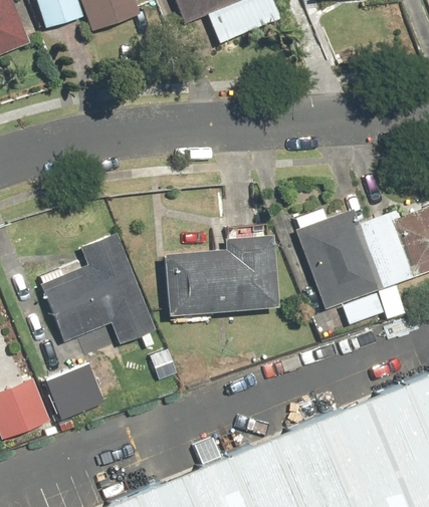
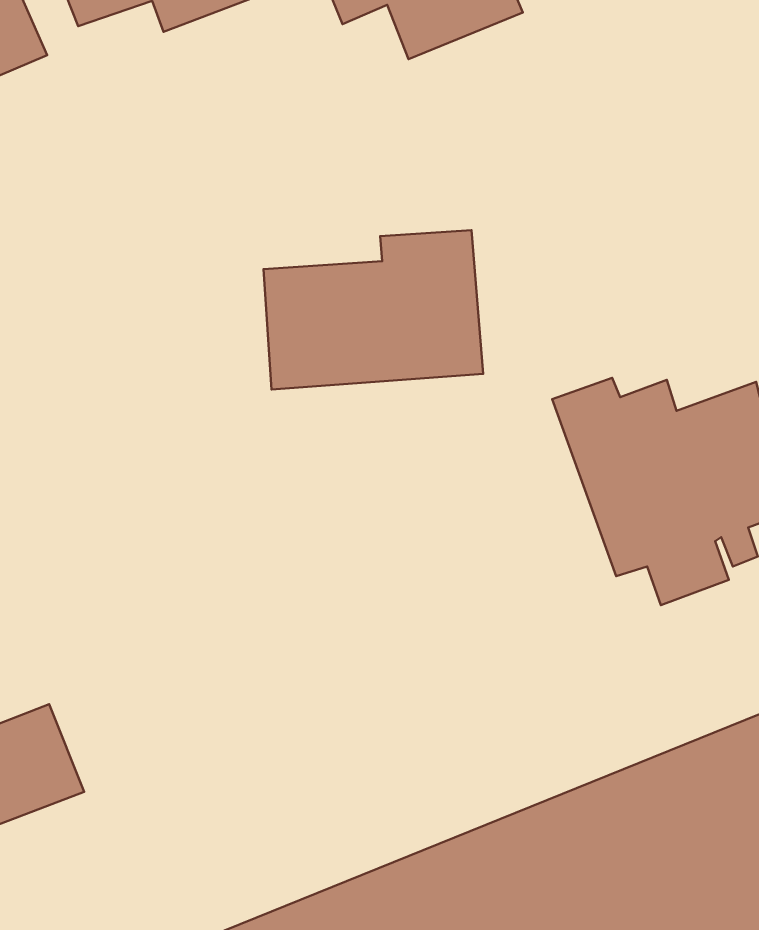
building: [40,233,155,344] -> none
building: [162,233,275,315] -> [264,230,483,390]
building: [45,361,103,419] -> none

